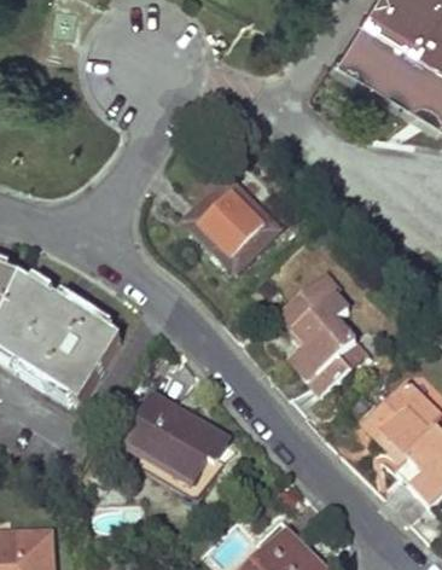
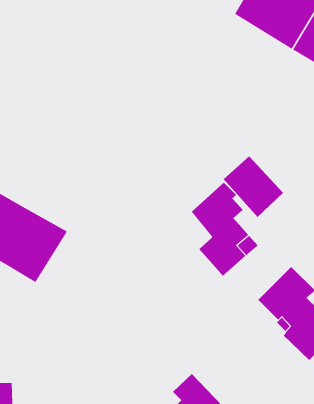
building: [187,179,278,269] -> none
building: none -> [223,155,284,218]
building: [127,397,227,483] -> none

